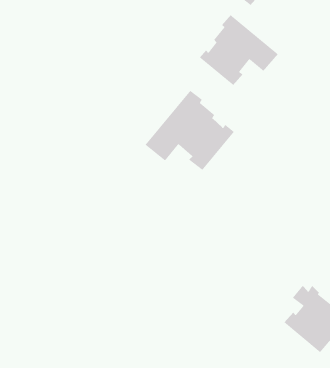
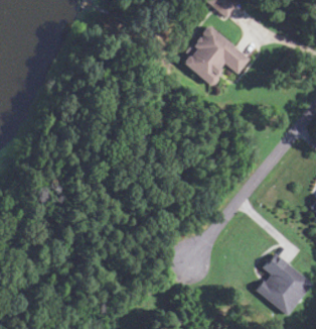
building: [144,90,235,171] -> none

